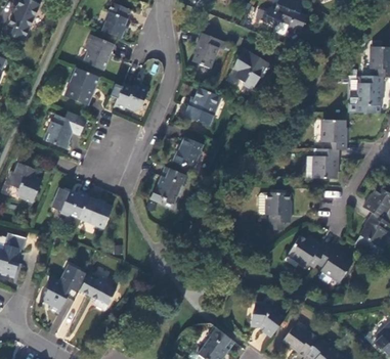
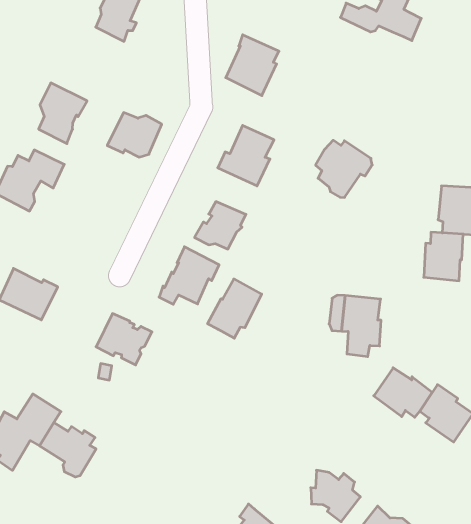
building: [81,37,111,72] -> none
building: [232,52,268,88] -> [316,140,372,197]
building: none -> [208,279,262,338]
building: [76,197,111,229] -> [96,314,152,365]

